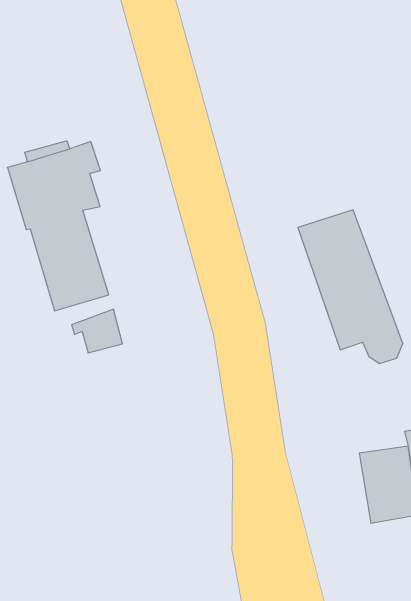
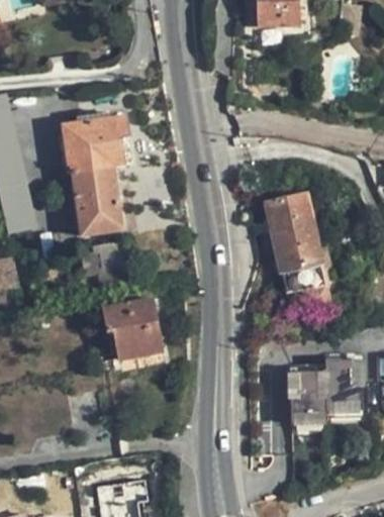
building: none -> [102,298,162,359]

